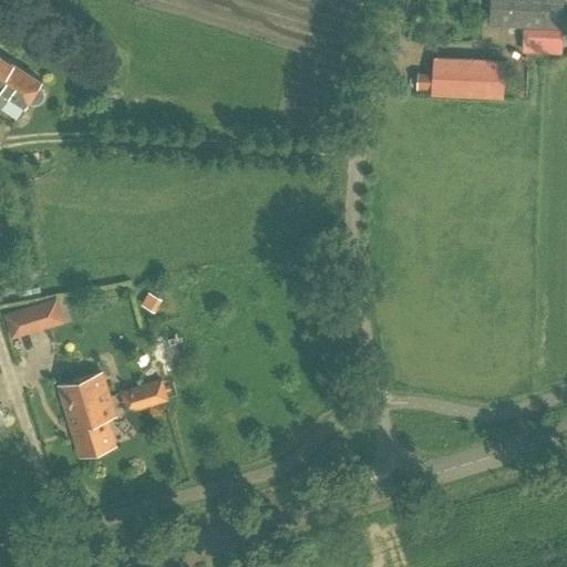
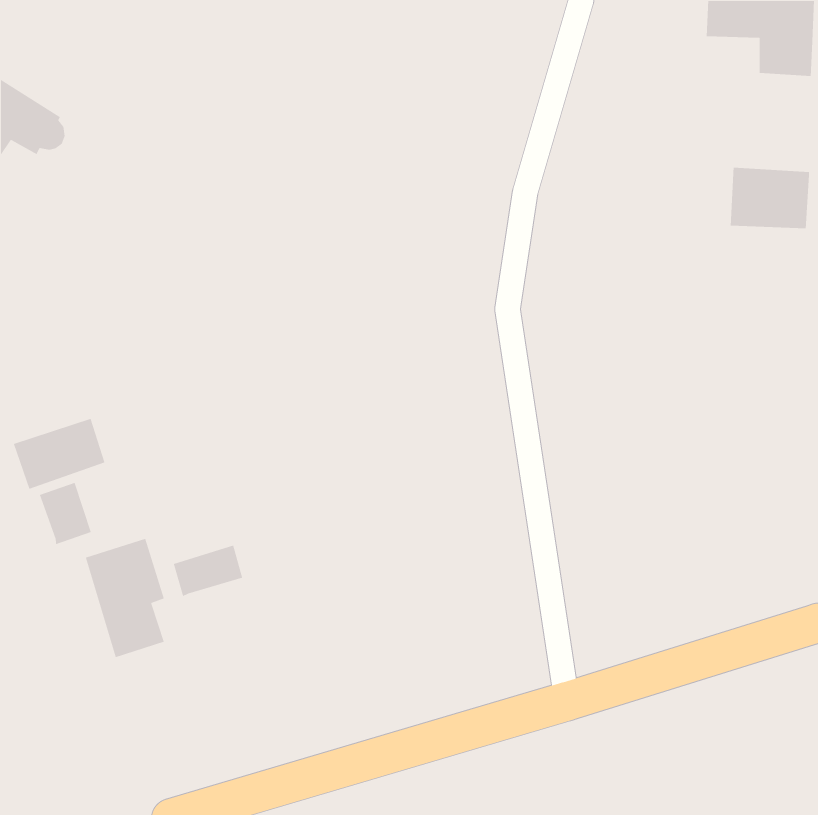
building: [432,56,487,100] -> [730,167,810,229]
building: none -> [39,482,92,545]

